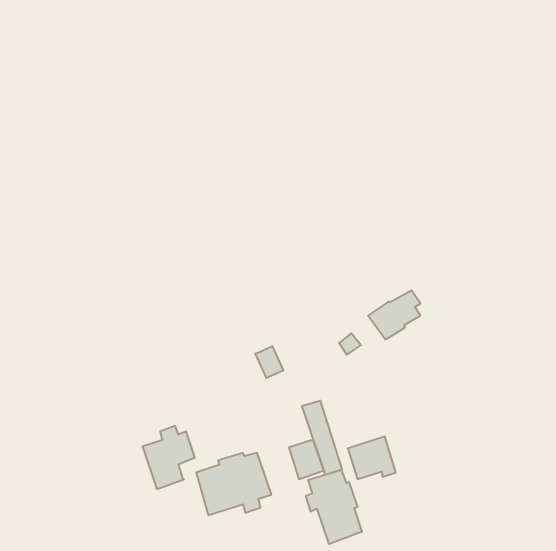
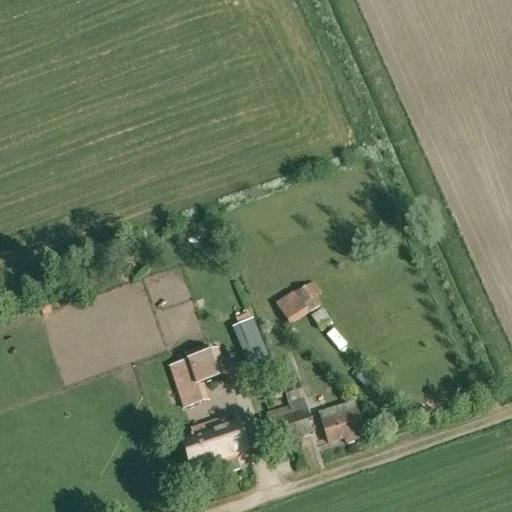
building: [368,290,420,339] -> [275,279,323,324]
building: [143,426,195,489] -> [171,347,219,405]
building: [306,470,362,544] -> none

